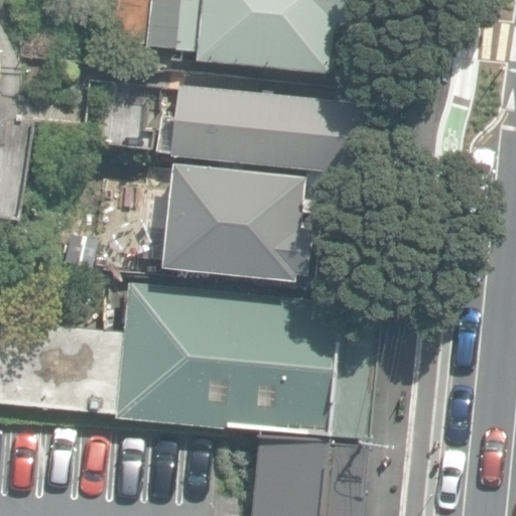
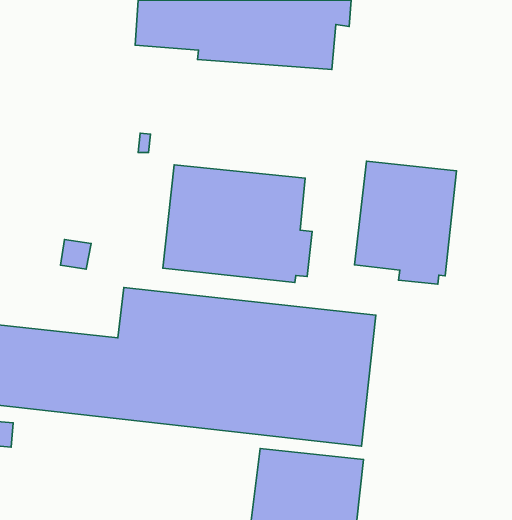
building: [150,87,358,176] -> none
building: none -> [355,161,456,284]

